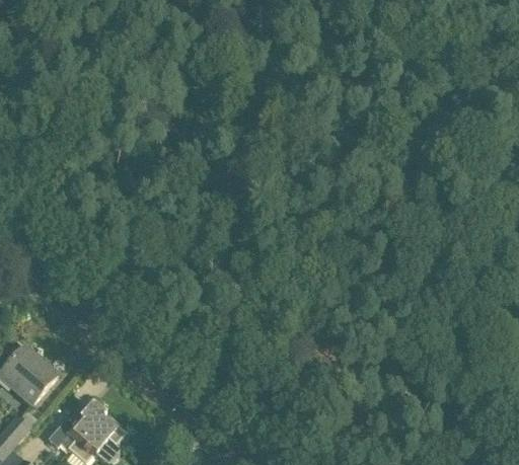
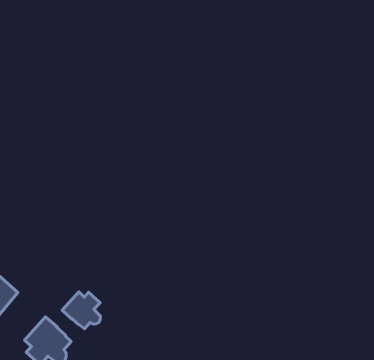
building: none -> [62,292,100,329]

